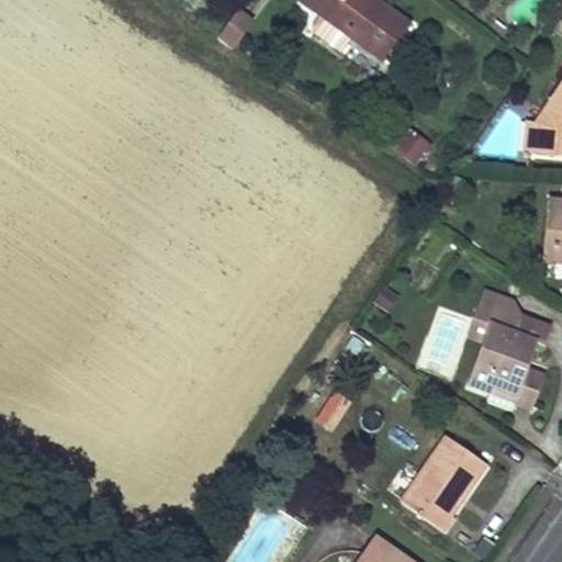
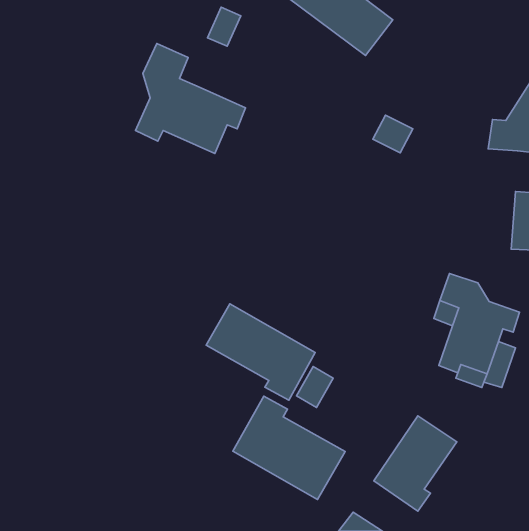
building: none -> [136,43,245,153]
building: none -> [206,304,315,400]
building: none -> [233,396,345,499]

